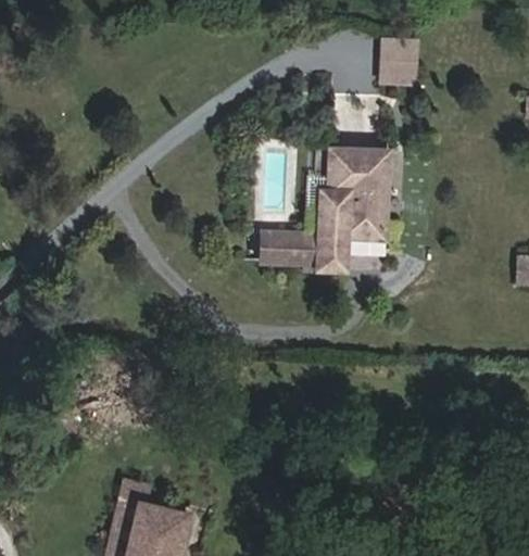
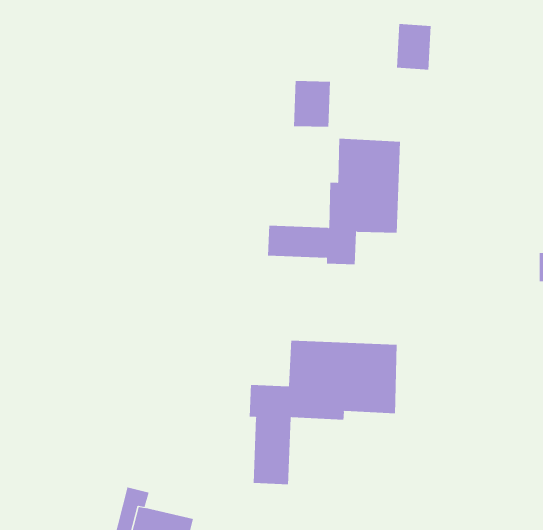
building: none -> [293,80,330,127]
building: none -> [249,340,397,485]

